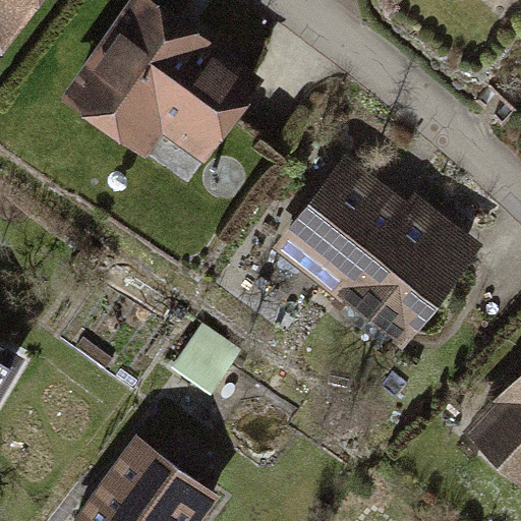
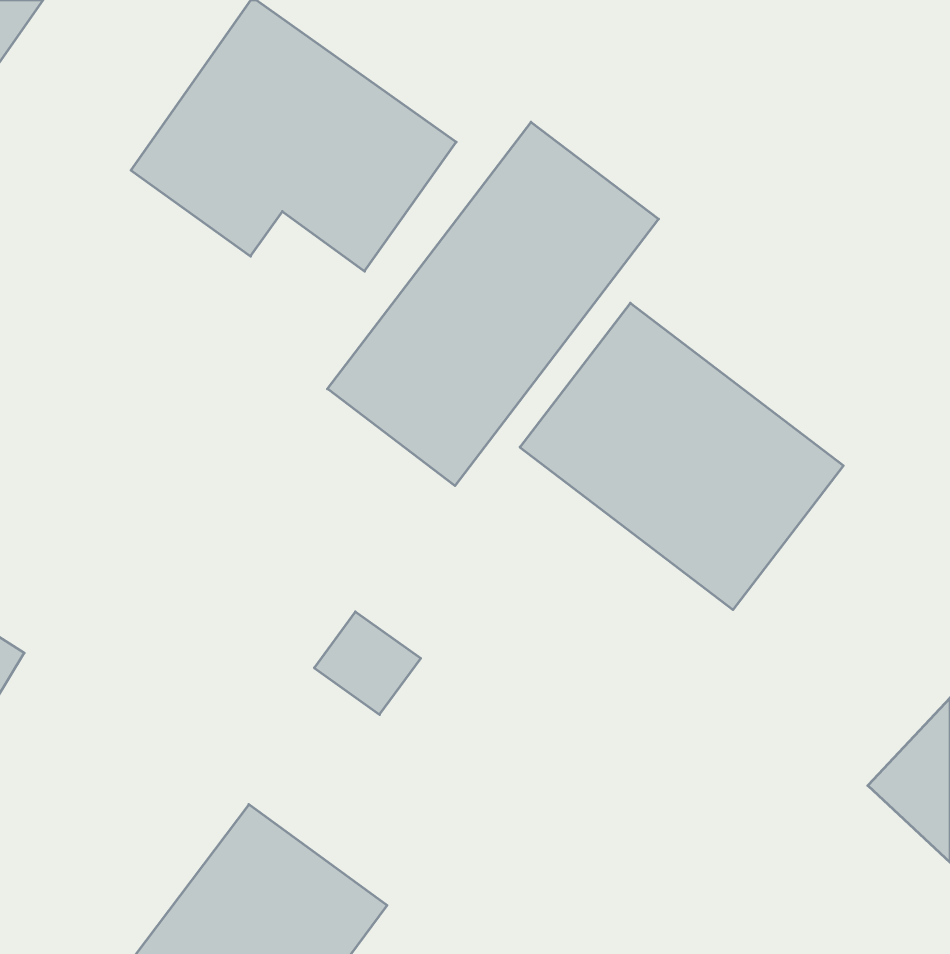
building: none -> [327,122,659,486]

